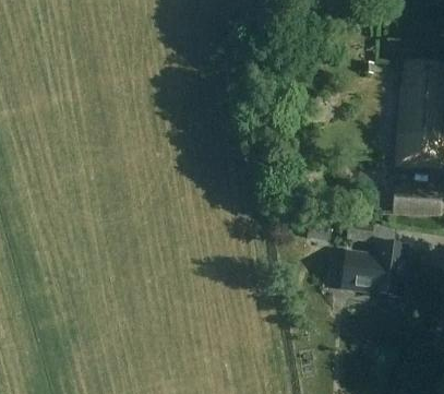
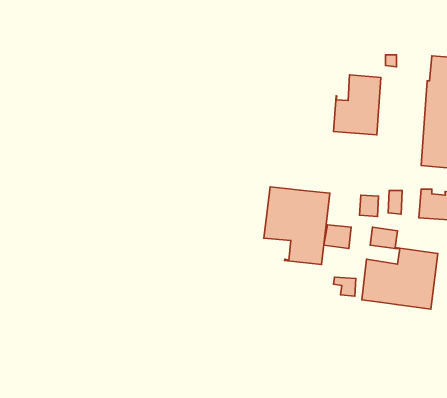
building: none -> [334,75,381,135]
building: none -> [264,187,330,265]

